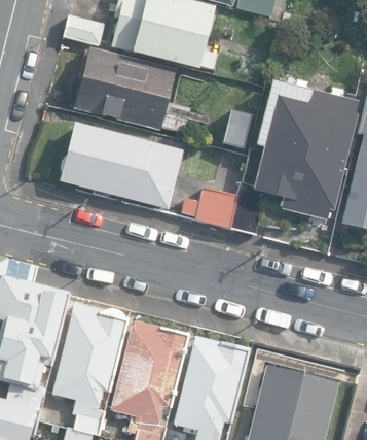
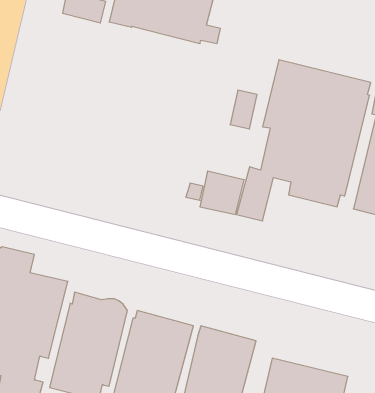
building: [75,48,190,133] -> none
building: [58,121,181,206] -> none

